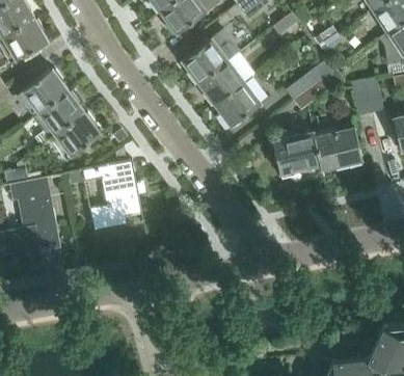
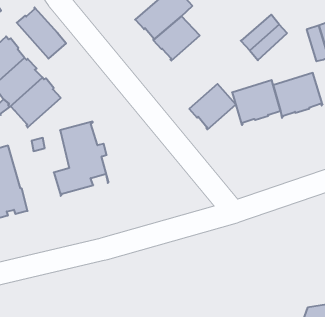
building: none -> [17,7,66,59]
building: [215,82,262,127] -> [189,84,236,129]

